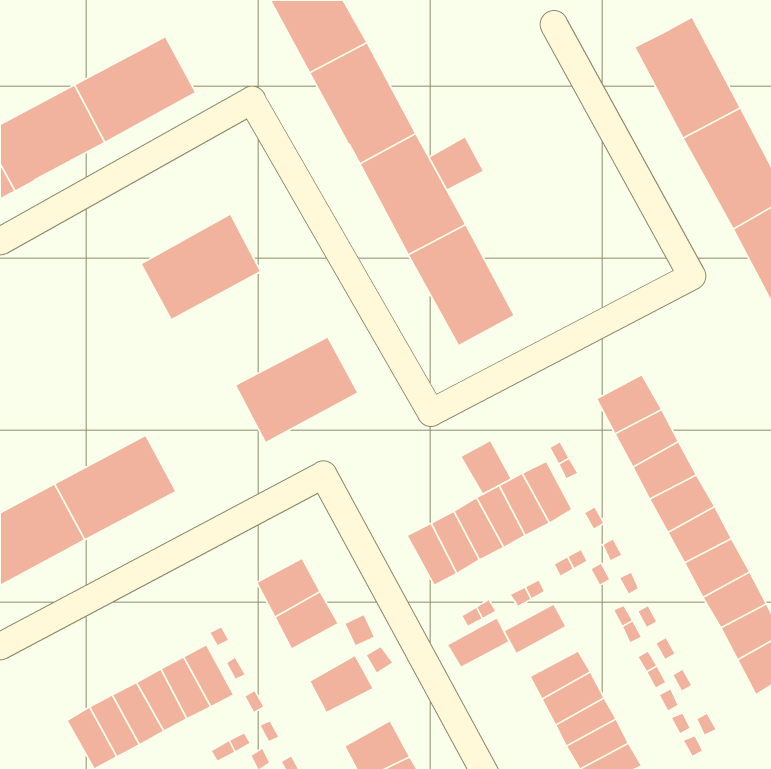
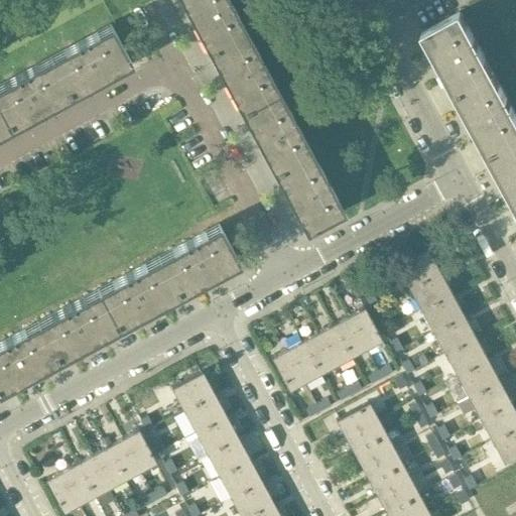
building: [429,137,484,190] -> none
building: [141,214,261,320] -> [100,260,179,331]
building: [461,440,512,494] -> none
building: [447,617,509,667] -> [346,420,387,454]
building: none -> [197,418,239,457]
building: none -> [220,462,262,500]

